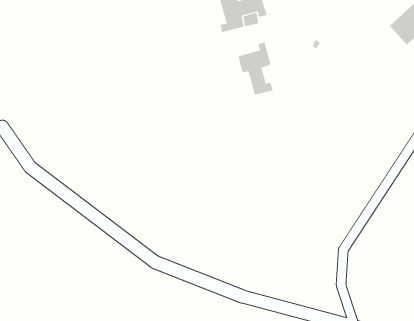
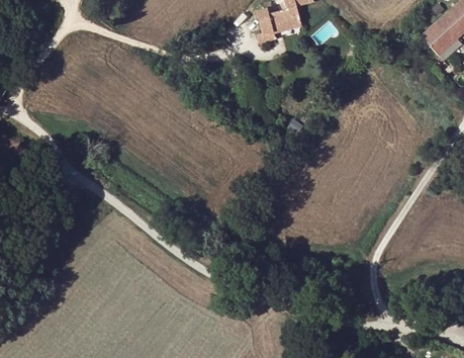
building: [238,41,273,95] -> none

